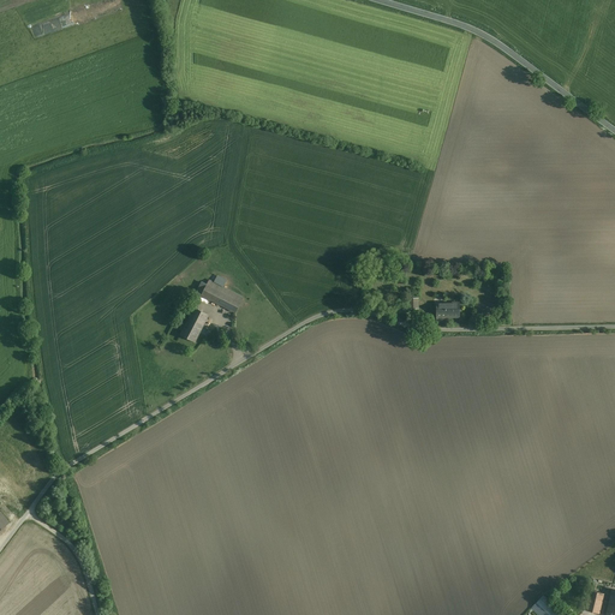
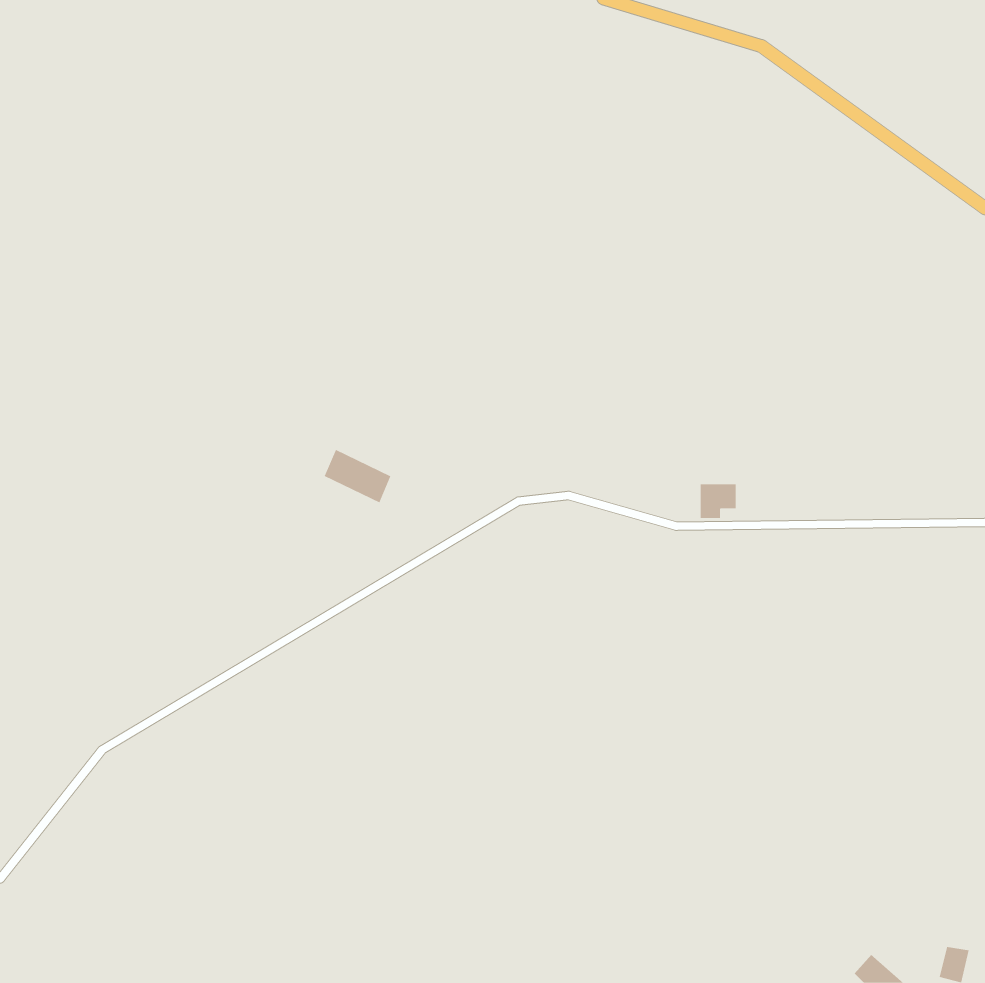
building: [180,308,209,344] -> none

